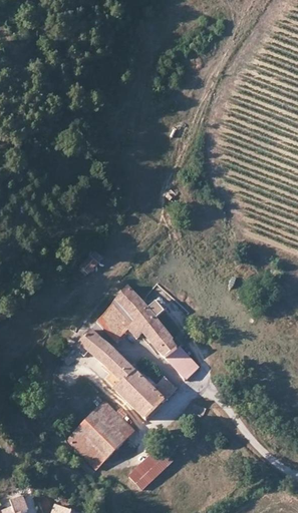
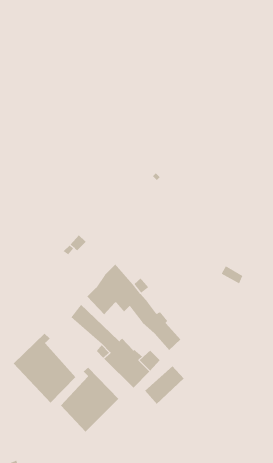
building: none -> [13,333,76,403]
building: [129,448,173,490] -> [144,365,185,405]

